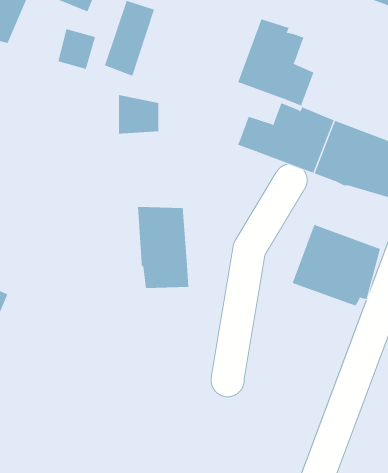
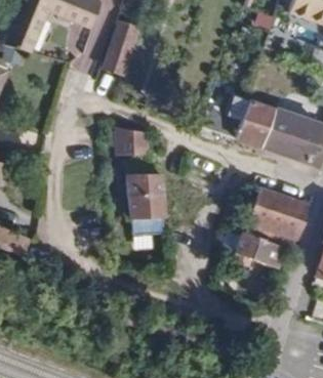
building: [237,18,314,107] -> none
building: [118,95,159,134] -> [118,126,149,156]
building: none -> [237,230,286,266]

